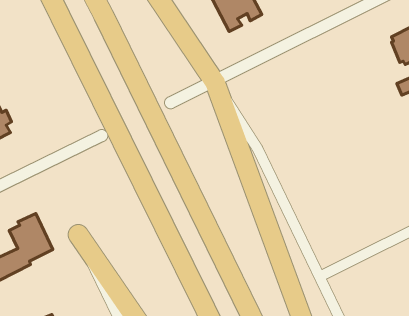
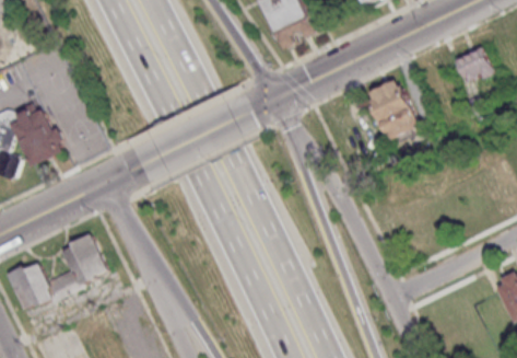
building: none -> [367,78,419,140]

